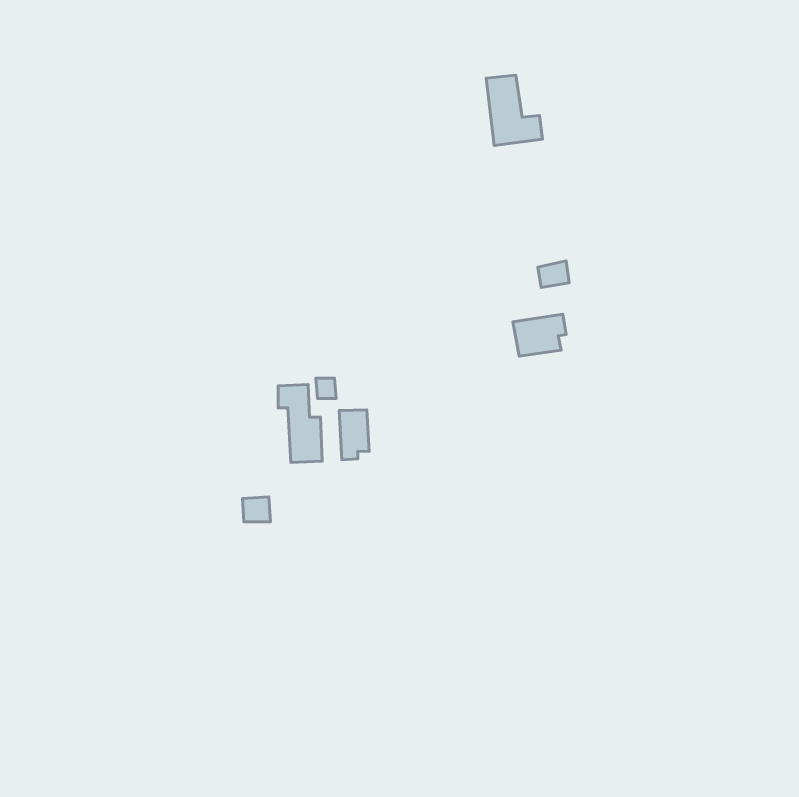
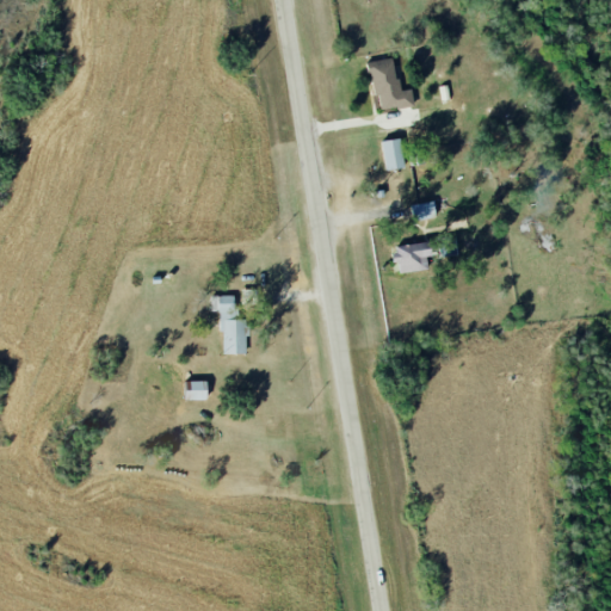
building: none -> [381,137,405,168]
building: [339,410,369,460] -> none

